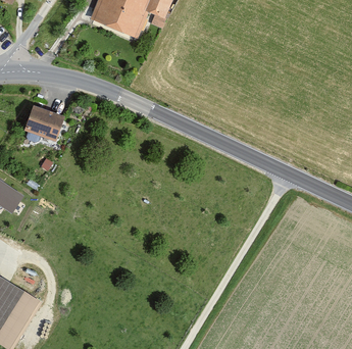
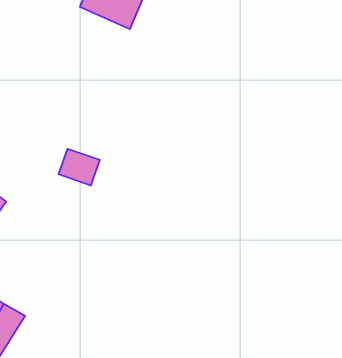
building: [24,106,62,140] -> [58,149,100,185]

